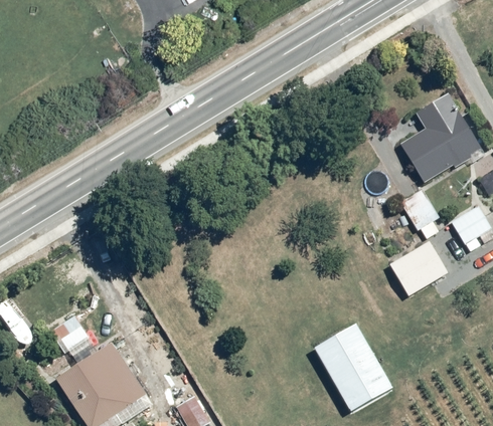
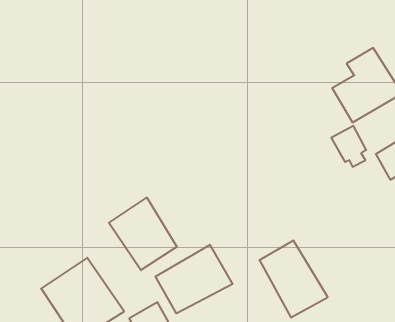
building: [388,241,449,295] -> none
building: none -> [109,198,177,270]
building: none -> [156,245,232,313]

